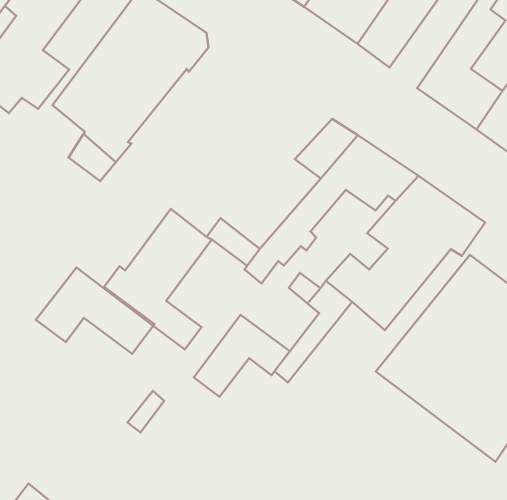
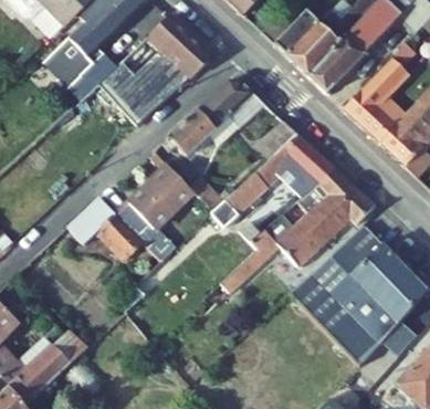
building: none -> [161,80,264,156]
building: [194,315,290,397] -> none

